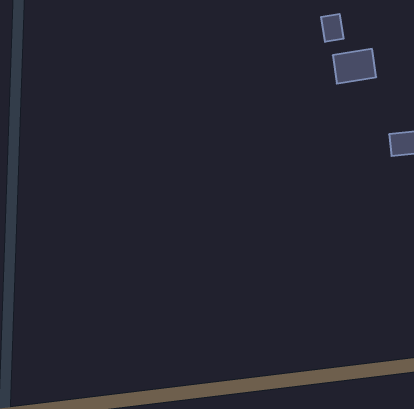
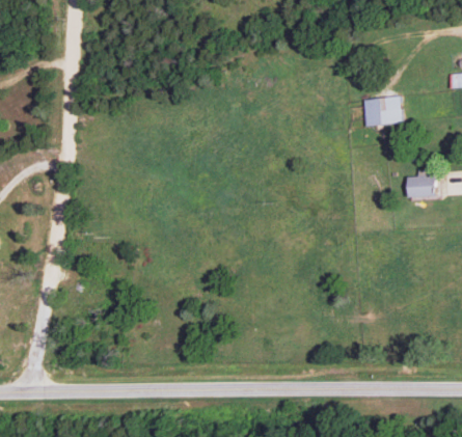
building: [321,14,344,42] -> none

